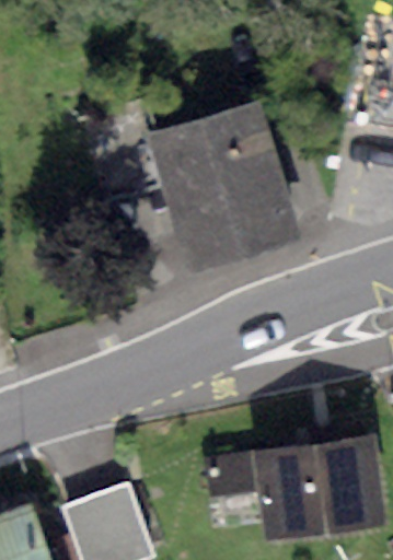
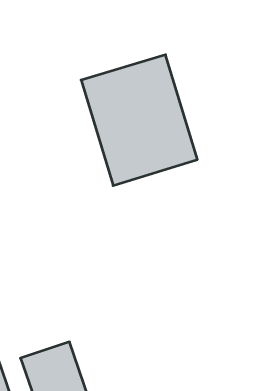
building: [201,434,384,541] -> none

